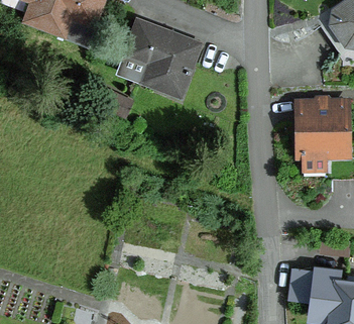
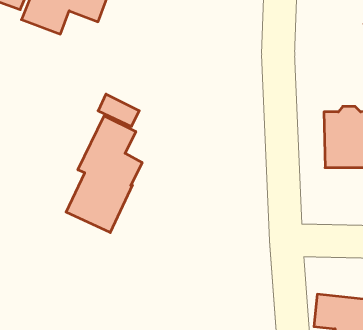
building: [127,25,199,96] -> none
building: none -> [66,116,142,233]

